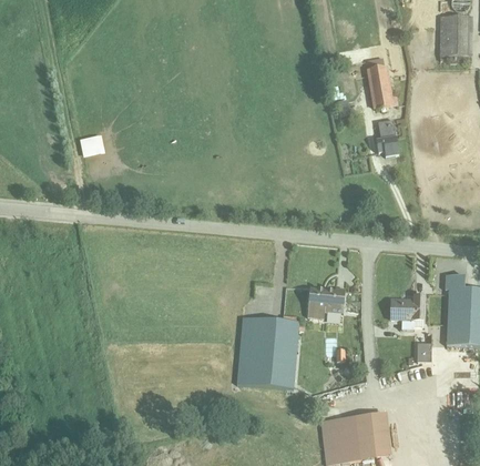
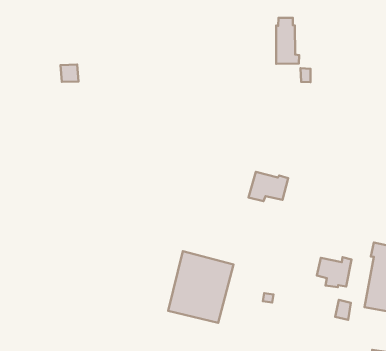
building: [367,57,398,109] -> [276,18,299,64]
building: [376,119,399,155] -> none
building: [307,287,346,317] -> [249,172,288,201]

